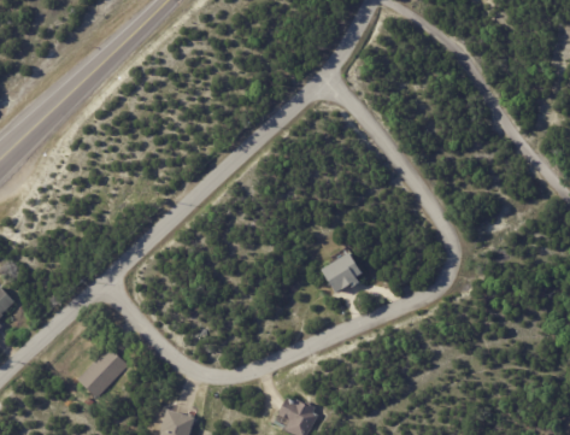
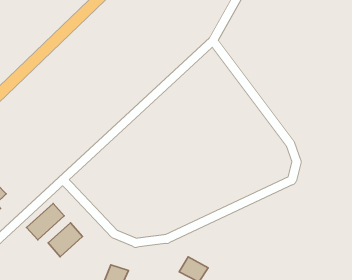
building: [322,254,365,294] -> none
building: none -> [27,204,64,240]

